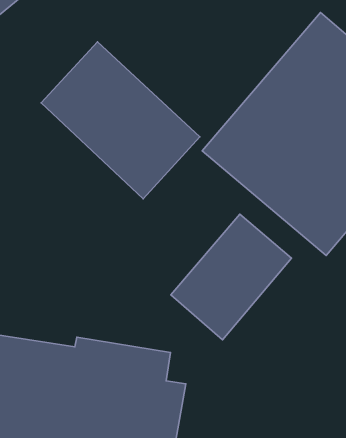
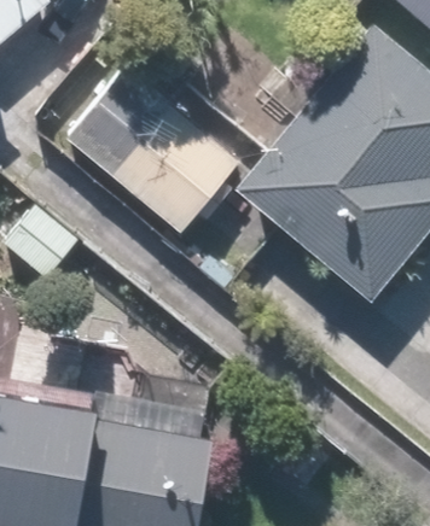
building: [171,214,291,340] -> none

